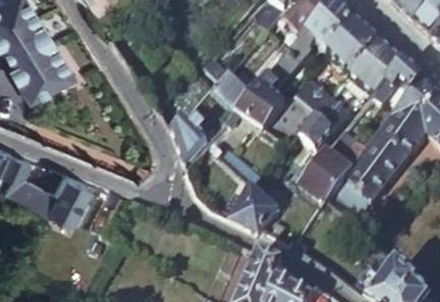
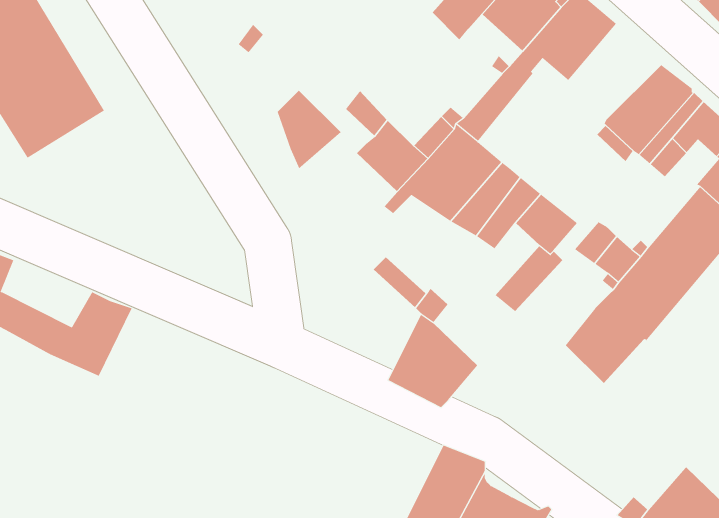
building: [328,18,381,72] -> none
building: [297,80,350,129] -> none
building: [172,117,208,161] -> [277,90,341,169]
building: [300,149,352,201] -> none

